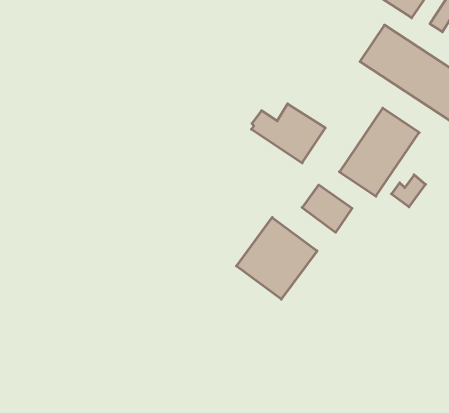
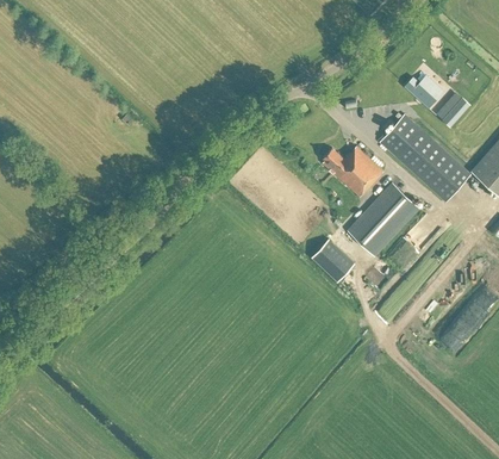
building: [251,104,325,163] -> [322,145,383,197]
building: [236,217,317,299] -> none

